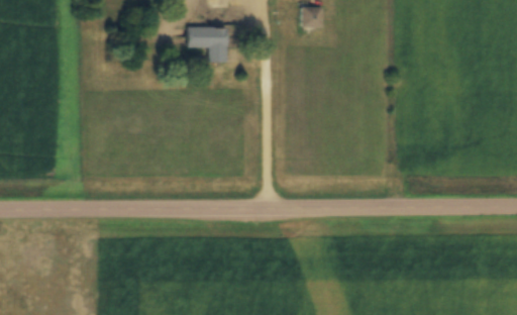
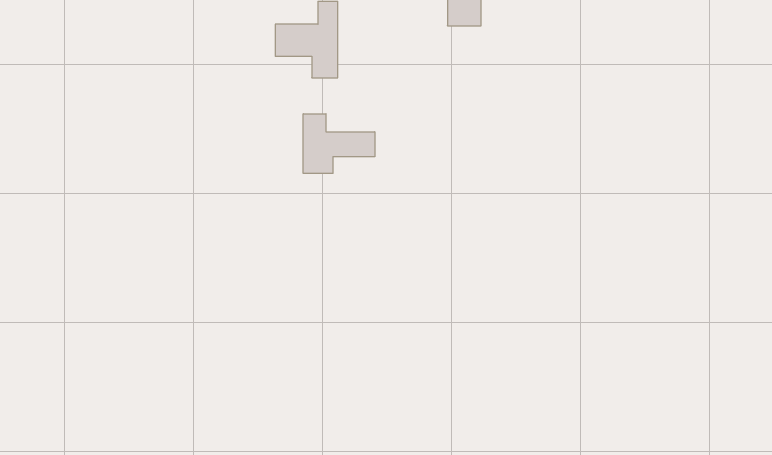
building: none -> [303,114,375,173]

